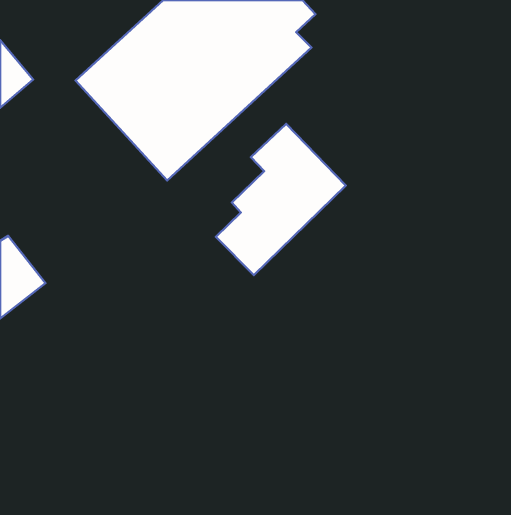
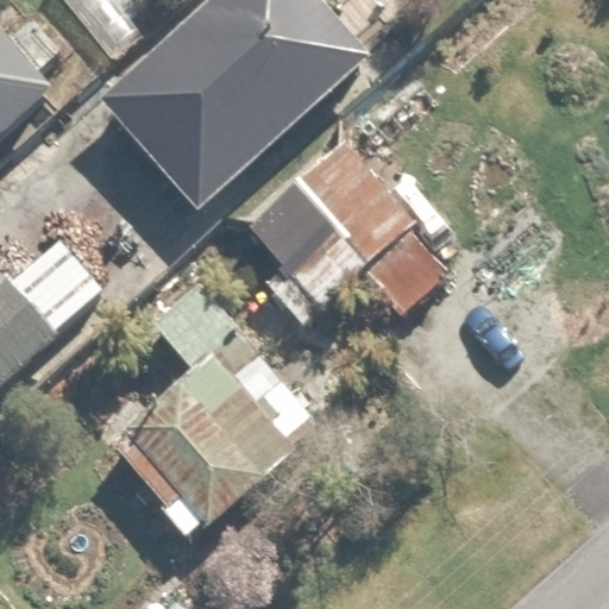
building: none -> [109,282,319,538]

